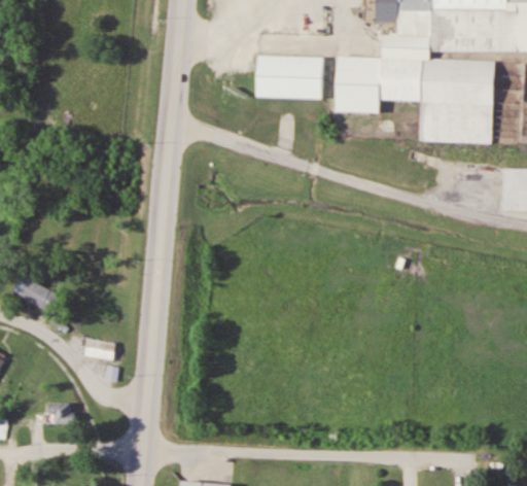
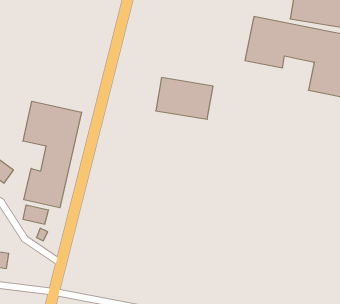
building: [258,54,326,98] -> [156,78,213,119]
building: none -> [23,101,81,208]

